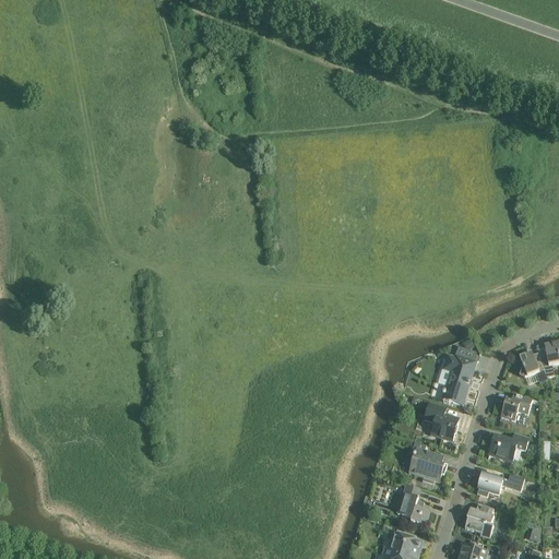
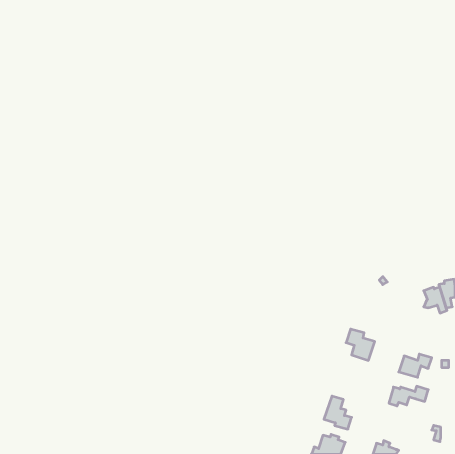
building: [441,355,476,405] -> none
building: [500,394,532,420] -> none
building: [408,441,447,481] -> none
building: [464,504,493,538] -> none

